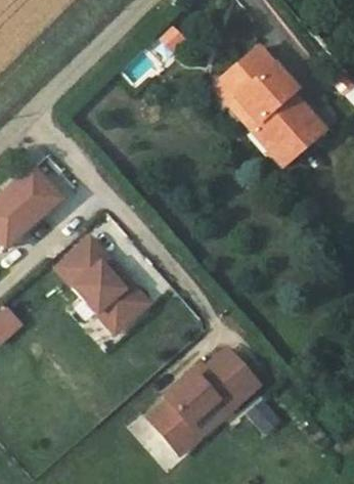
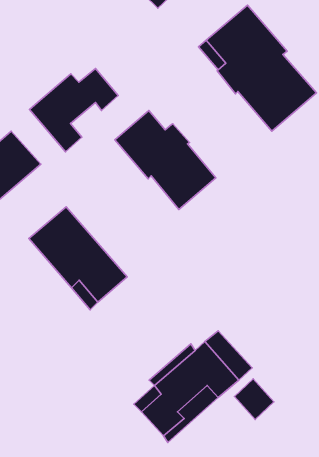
building: none -> [29,68,118,152]
building: none -> [115,110,216,209]

